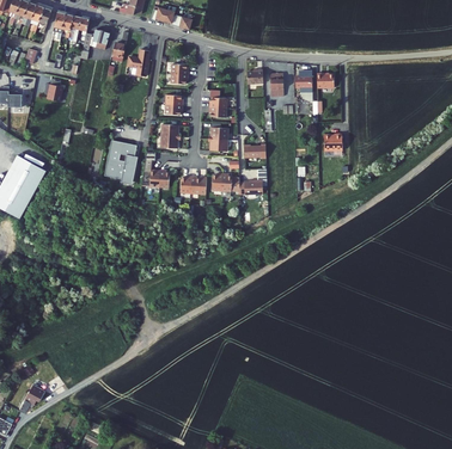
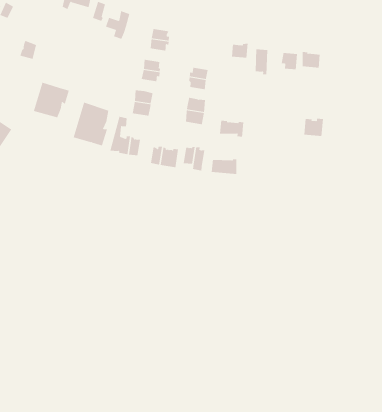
building: none -> [33,82,69,118]

